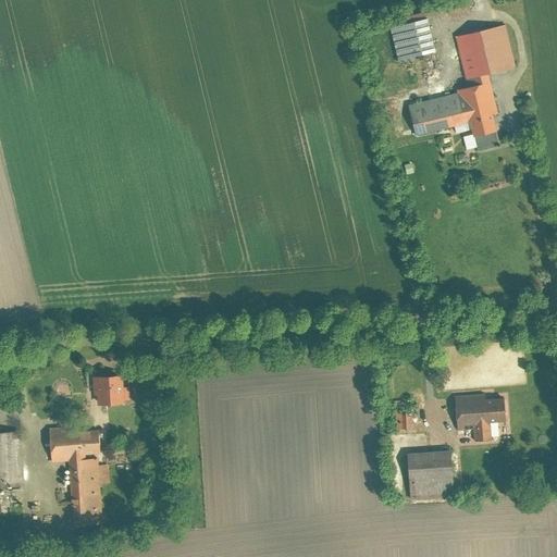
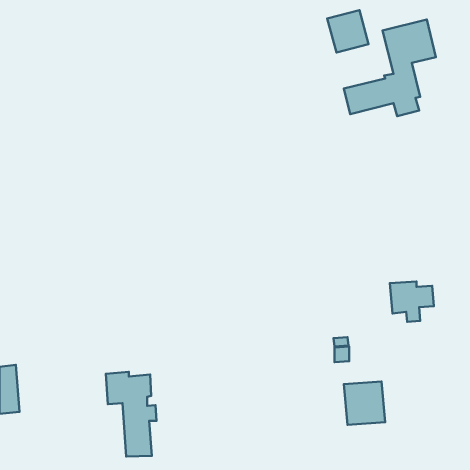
building: [95,375,127,406] -> none
building: [454,394,506,442] -> [390,281,434,322]
building: [50,425,110,525] -> [106,372,157,457]

